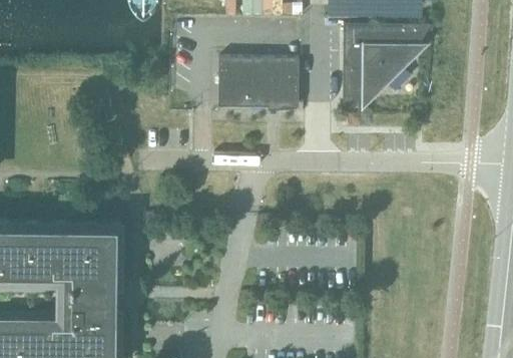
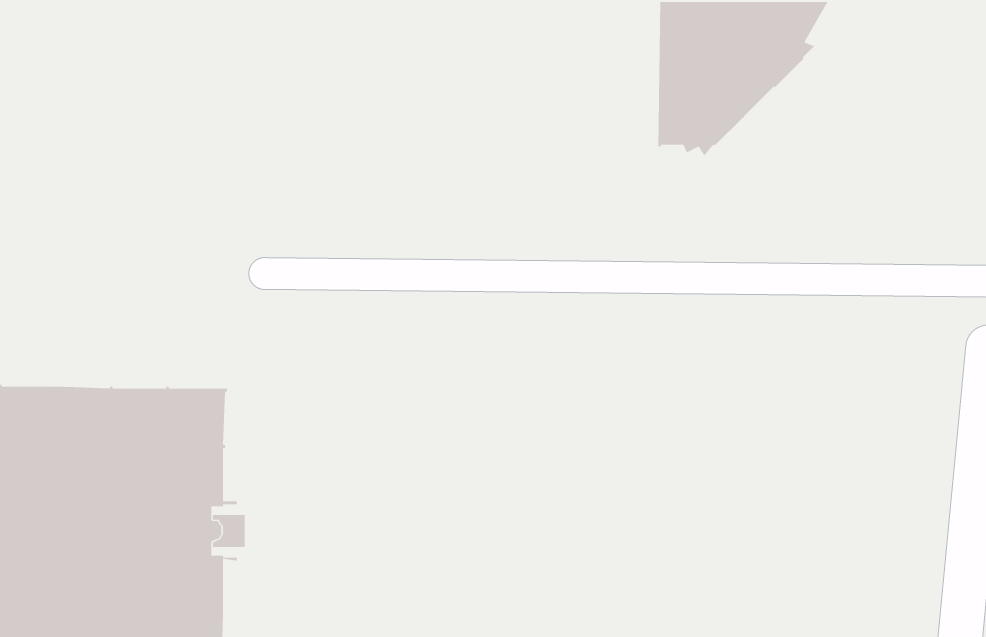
building: [217,58,298,107] -> none

